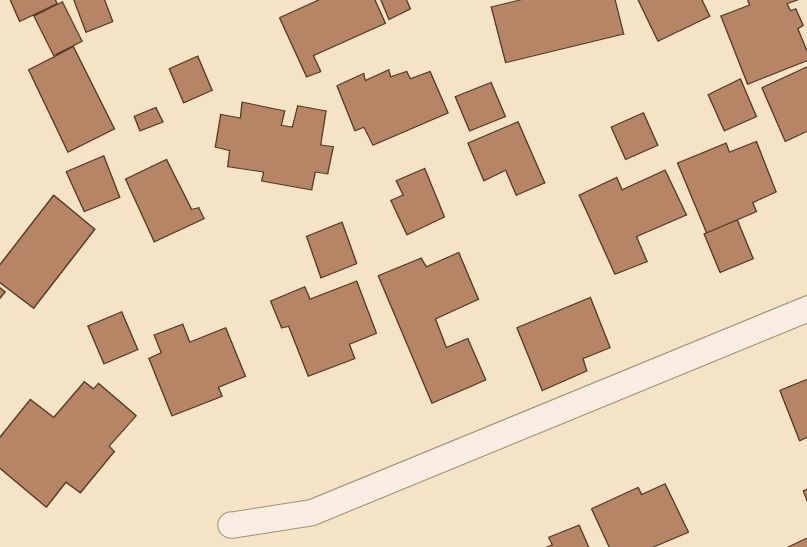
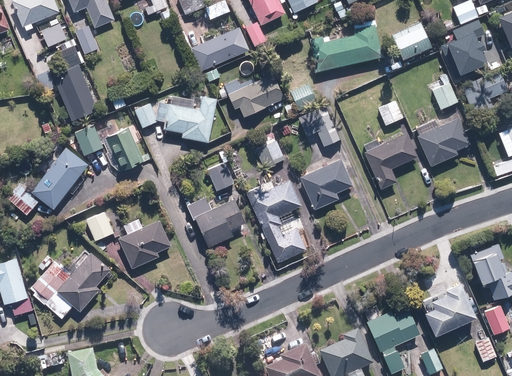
building: [169,56,212,103] -> [133,103,157,129]
building: [704,220,753,273] -> none
building: [517,297,610,391] -> [299,158,351,210]
building: none -> [426,281,478,335]

